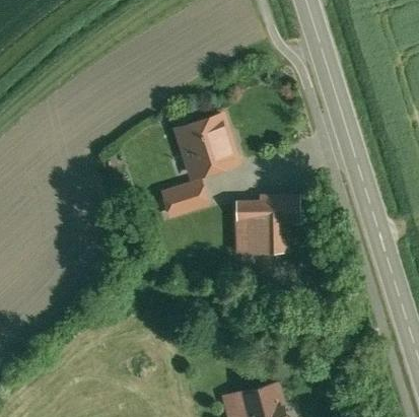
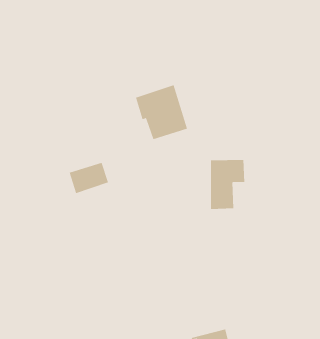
building: [161,184,205,218] -> [69,162,109,194]
building: [235,200,259,254] -> none

